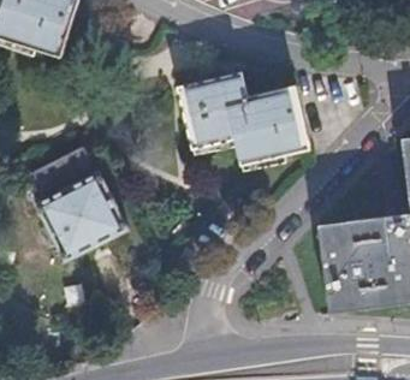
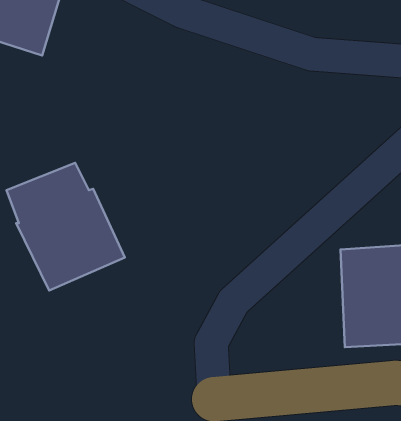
building: [177,72,309,164] -> none

